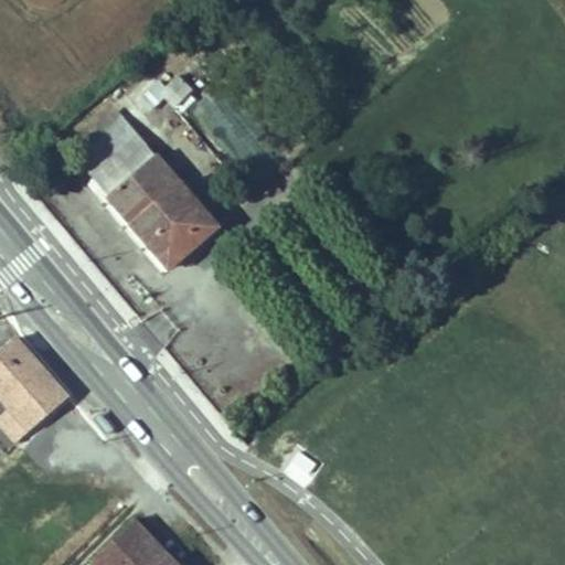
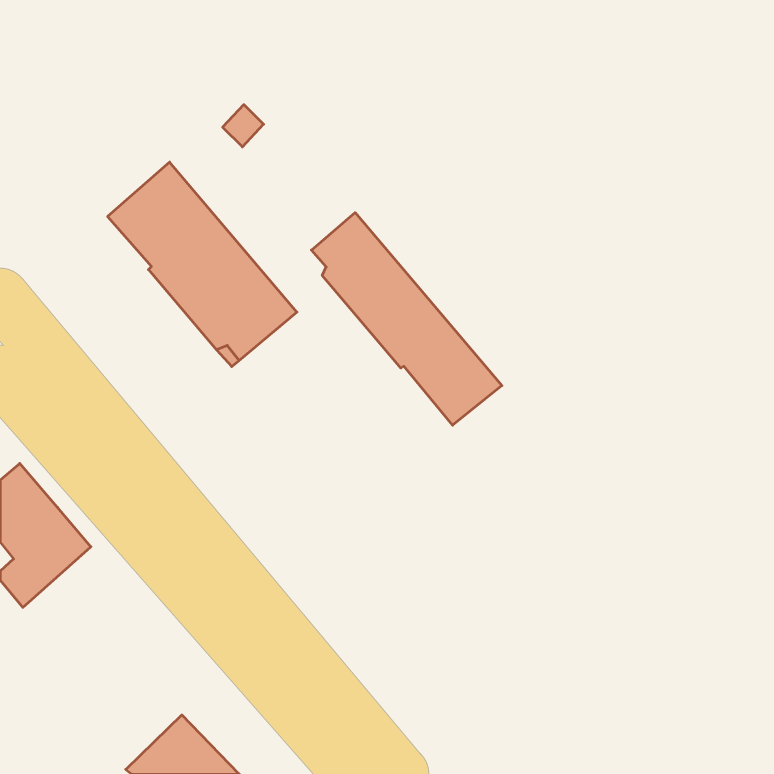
building: none -> [311,213,502,425]

